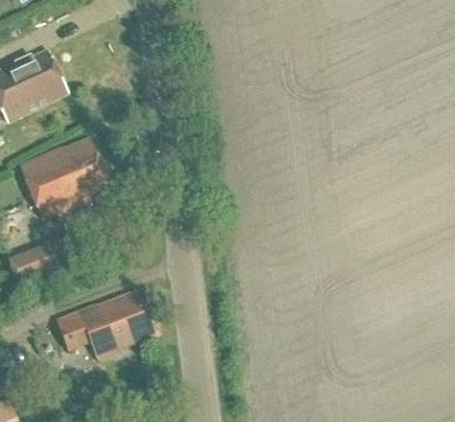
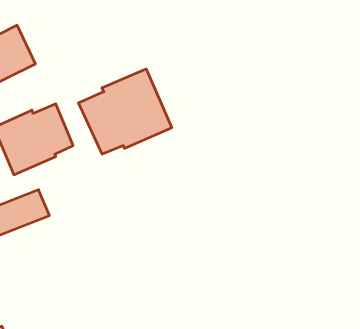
building: none -> [79,69,172,154]
building: [53,285,152,357] -> none

